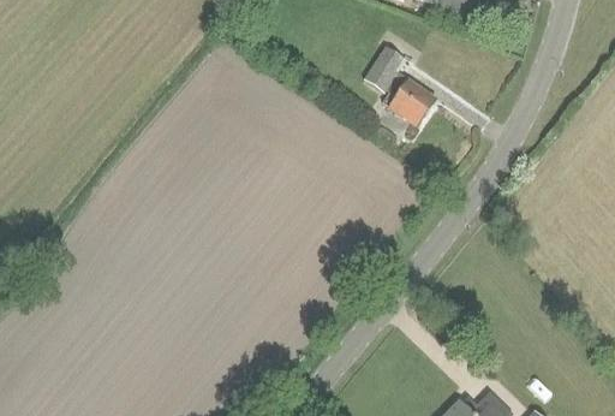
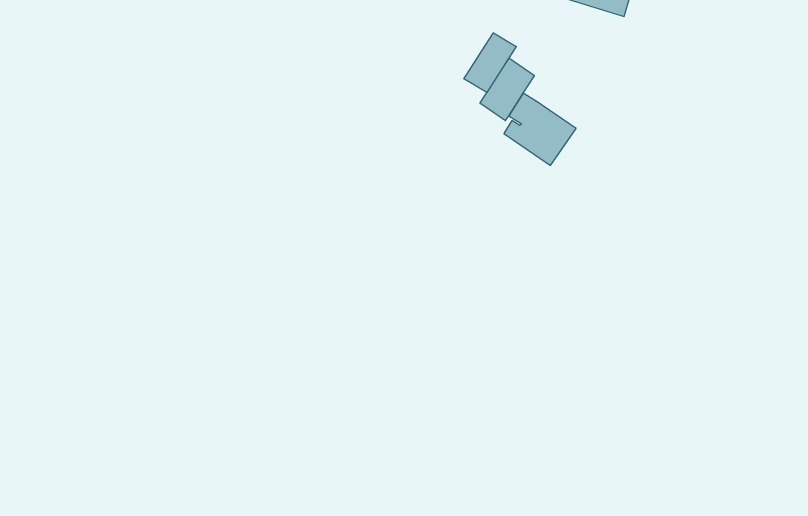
building: none -> [464,33,516,92]

